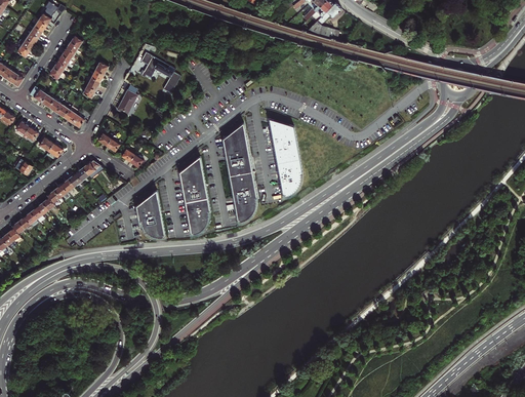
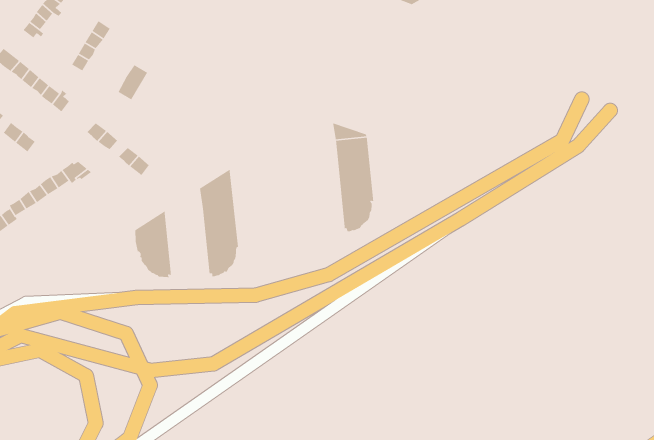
building: [140,52,181,92] -> none
building: [223,123,257,222] -> none

